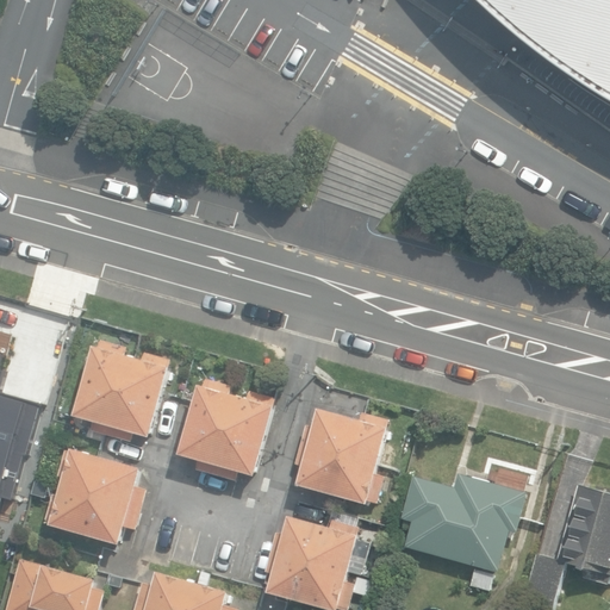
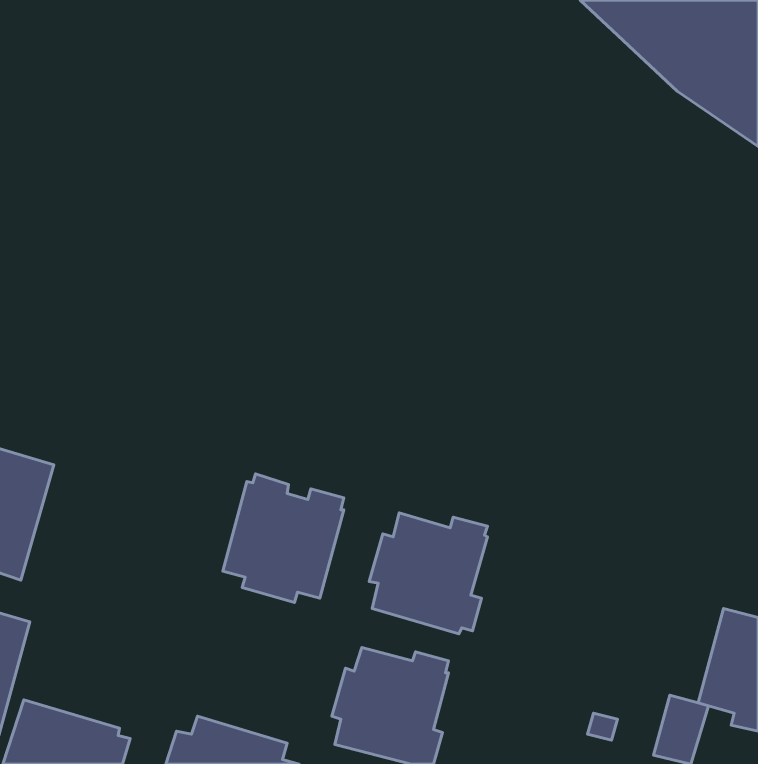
building: [71,340,169,441] -> none
building: [43,448,145,546] -> none
building: [400,473,527,572] -> none

